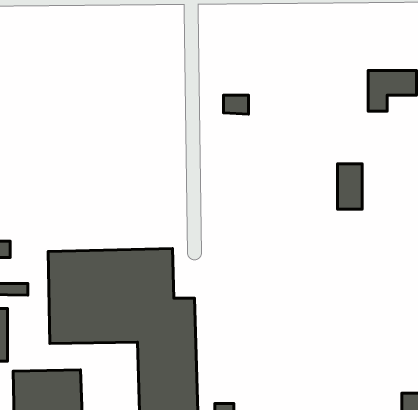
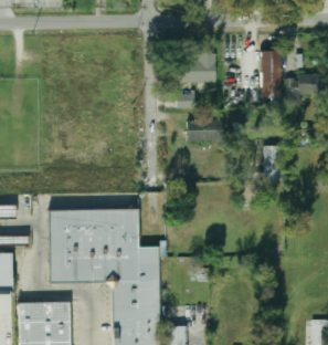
building: none -> [262,50,282,98]
building: none -> [180,52,218,82]
building: none -> [189,118,224,139]

